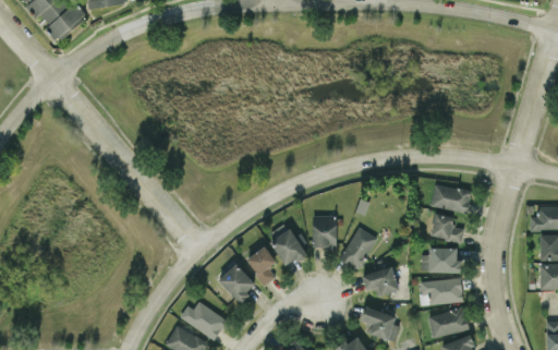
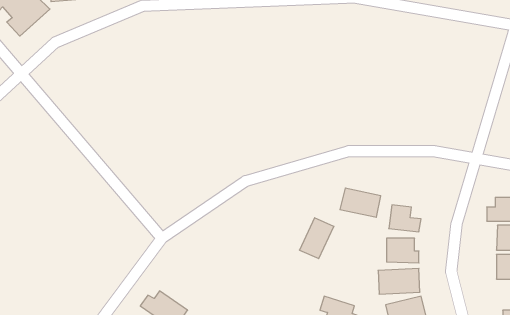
building: [429,183,471,213] -> [340,188,381,217]
building: [312,215,336,246] -> none
building: [267,222,305,266] -> none
building: [245,245,276,285] -> none
building: [218,263,256,302] -> none
building: [362,267,398,295] -> none

